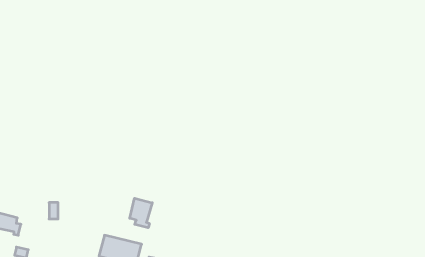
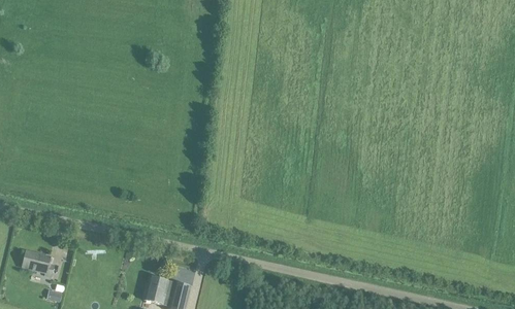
building: [130,198,152,228] -> none

